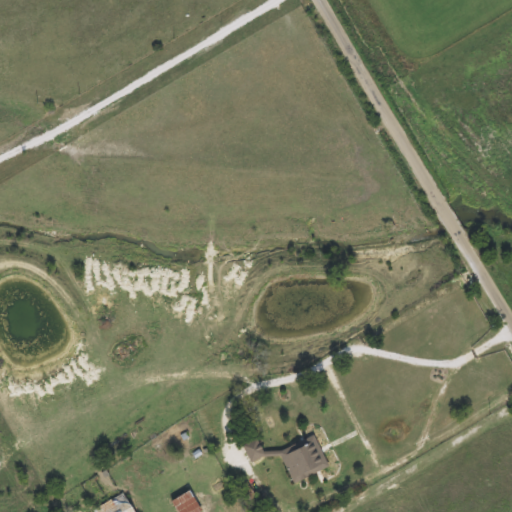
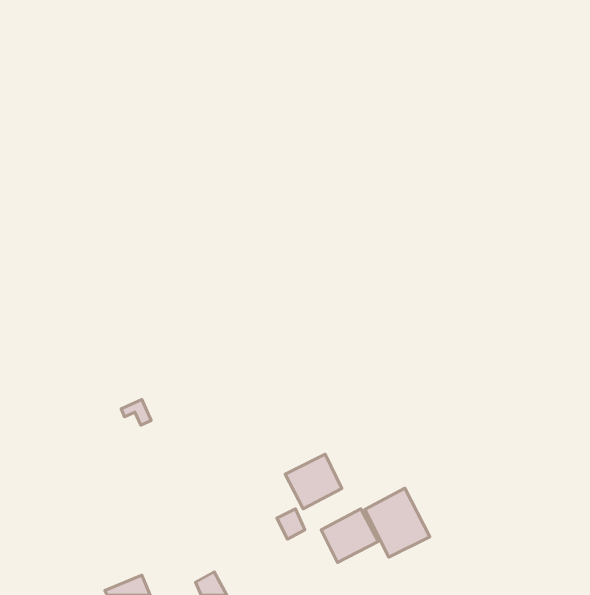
building: none -> [285,454,342,509]
building: none -> [365,488,430,557]

